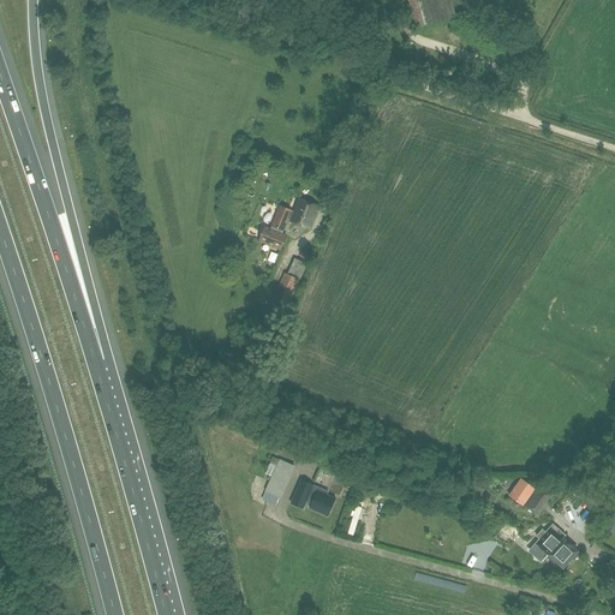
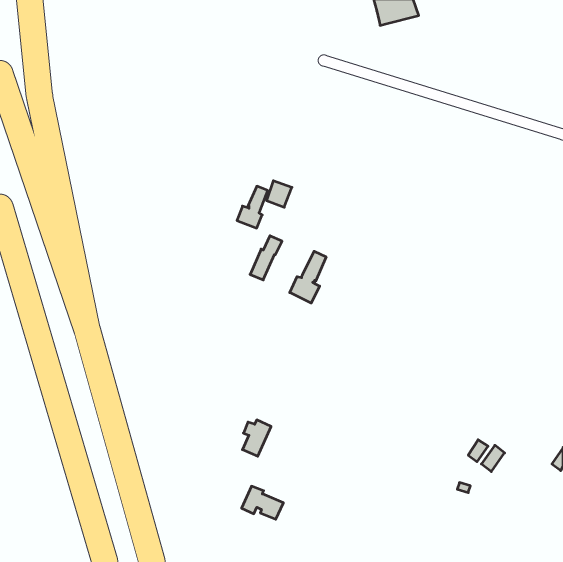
building: none -> [290,251,326,303]
building: [289,478,335,514] -> [242,486,283,519]
building: [536,524,578,567] -> none

